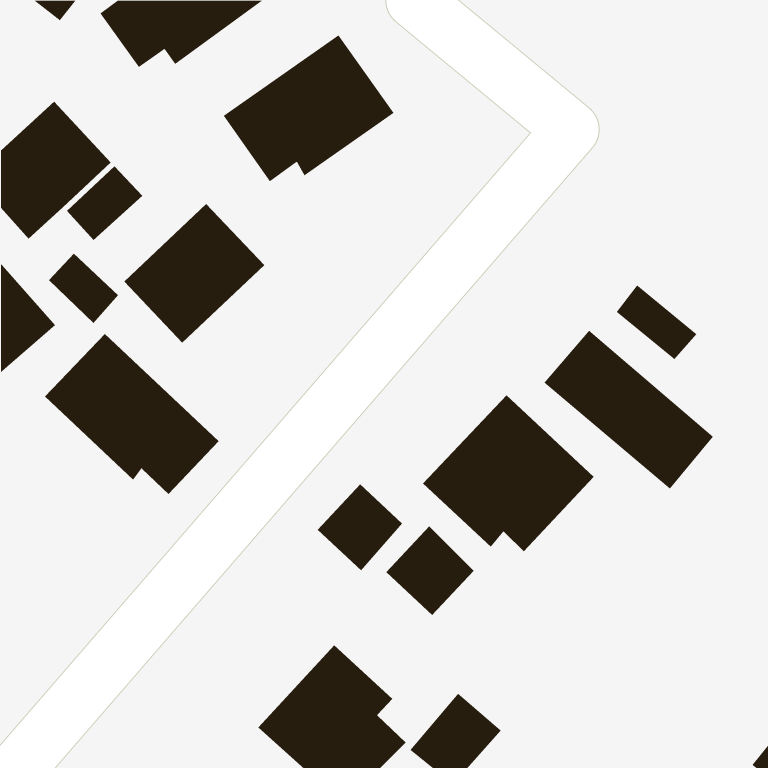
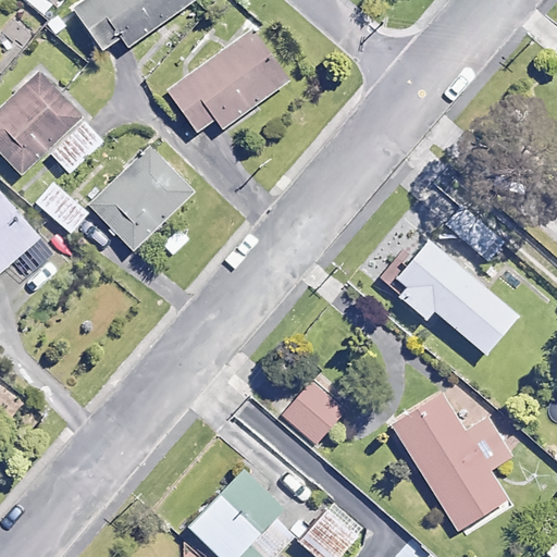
building: [44,333,219,495] -> none
building: [422,394,594,552] -> none
building: [317,484,403,571] -> none
building: none -> [394,396,525,530]

